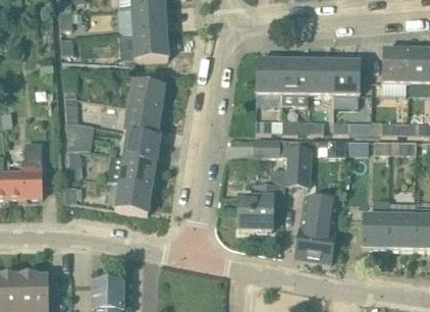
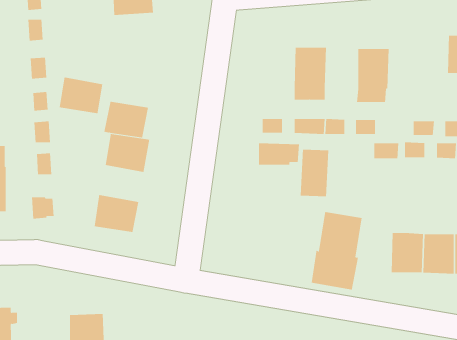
building: [131,31,166,59] -> none
building: [382,48,410,94] -> none
building: [255,58,282,103] -> none
building: [308,59,334,94] -> none
building: [128,79,165,109] -> [59,77,103,114]
building: [119,157,157,188] -> none
building: [239,185,279,229] -> none

